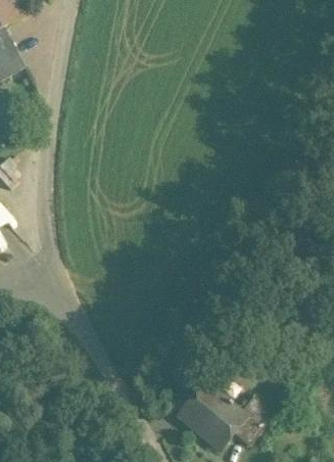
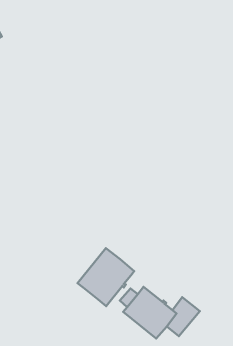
building: none -> [78,248,134,306]

